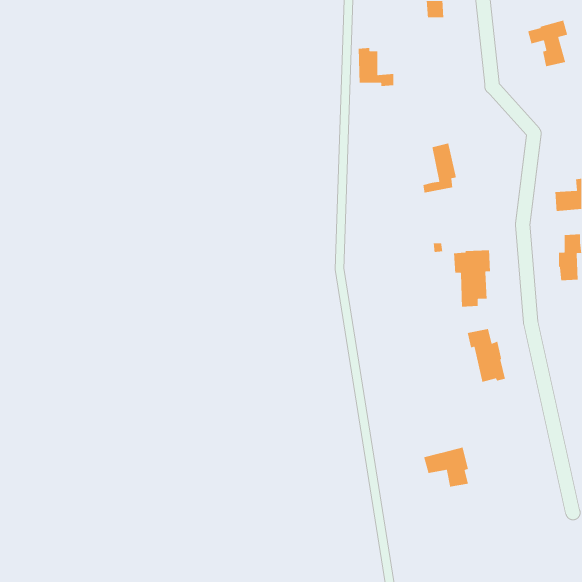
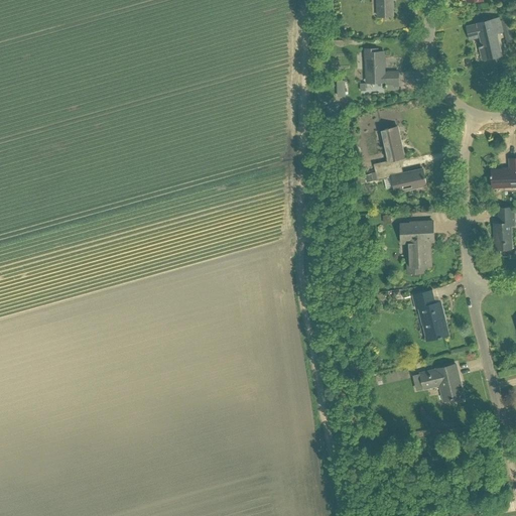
building: [358,47,394,87] -> [366,48,398,84]
building: none -> [375,166,426,191]
building: [423,447,469,488] -> [420,364,461,400]

